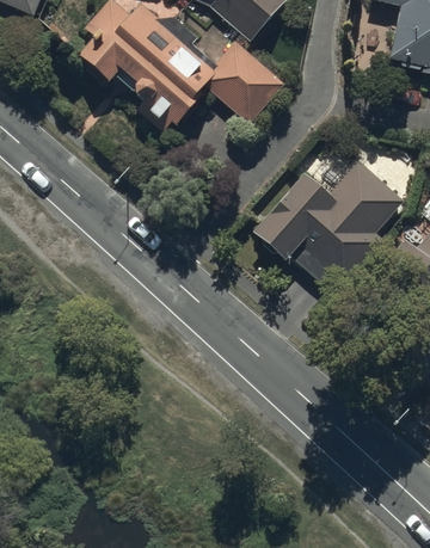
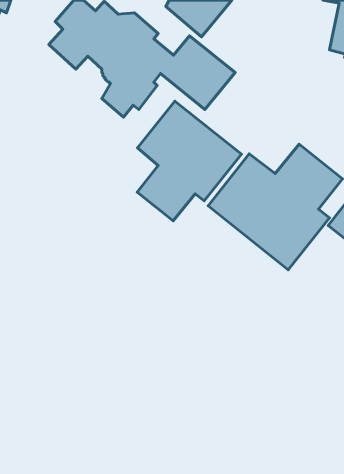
building: none -> [137,101,241,221]

